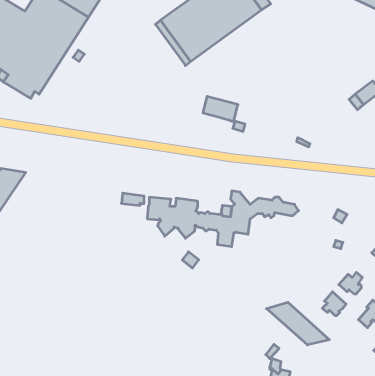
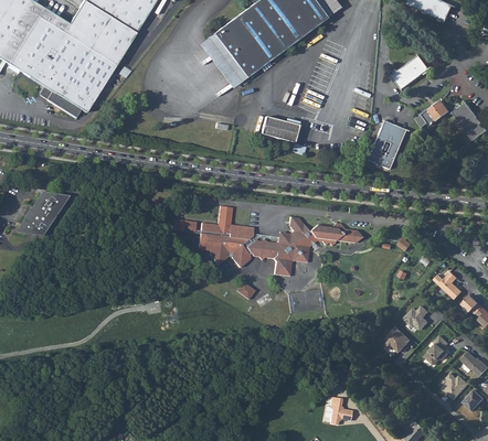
building: none -> [392,53,429,88]
building: none -> [367,122,405,169]
building: [266,302,329,345] -> none

